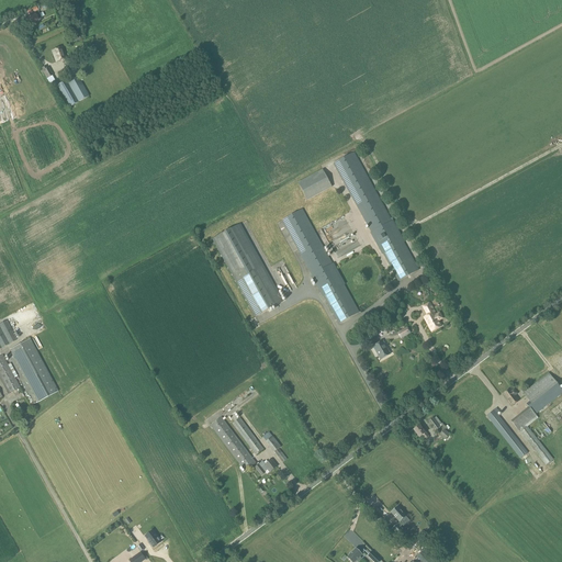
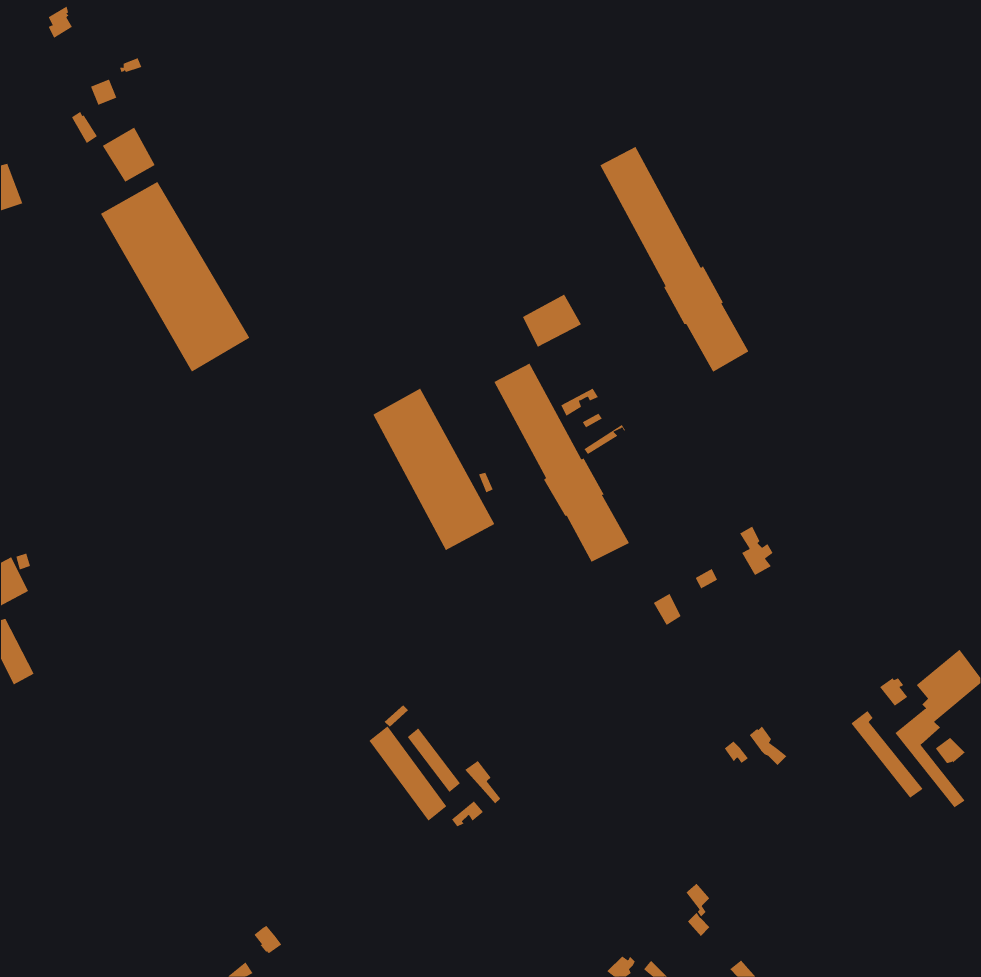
building: none -> [100,181,250,372]
building: [334,150,419,280] -> [599,146,749,373]
building: [10,337,58,401] -> none

